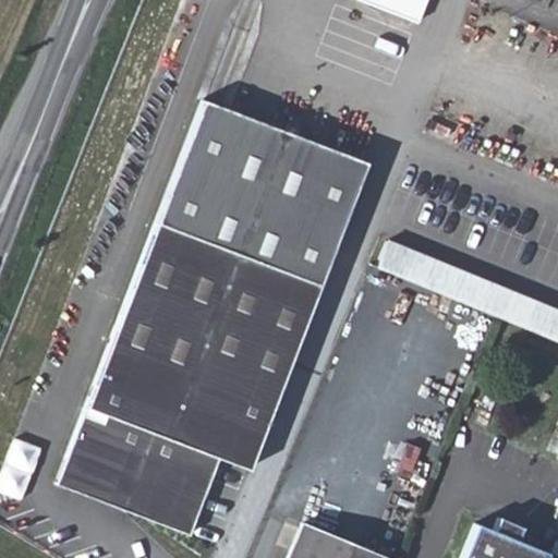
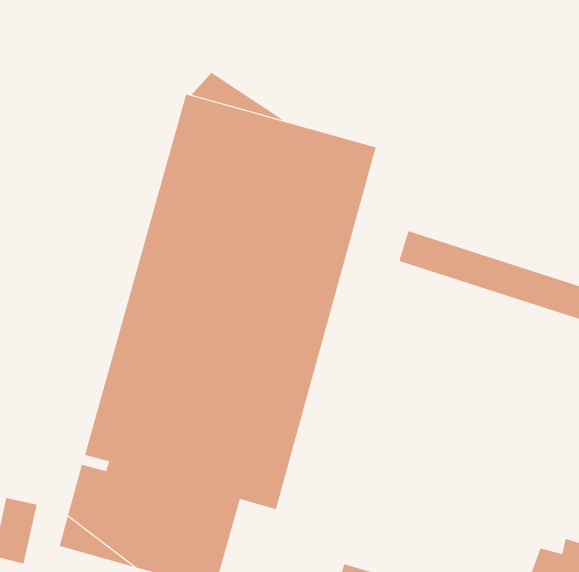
building: none -> [191,72,287,122]

